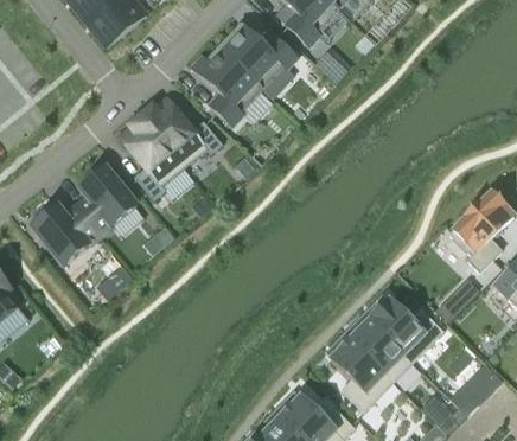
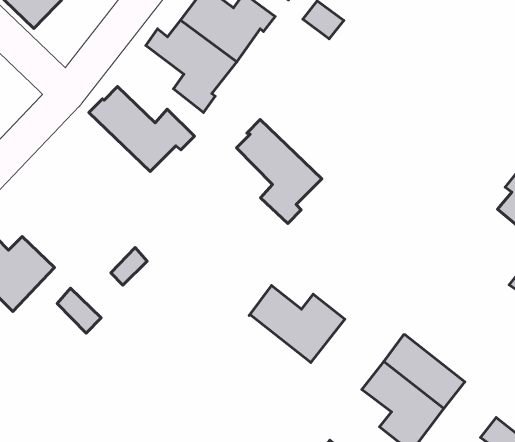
building: [120,115,184,199] -> [237,120,322,223]
building: [77,166,136,234] -> none
building: [368,298,442,362] -> [249,286,345,362]

